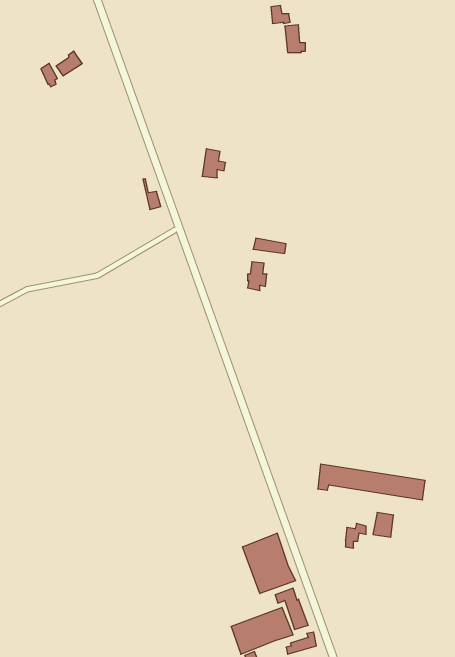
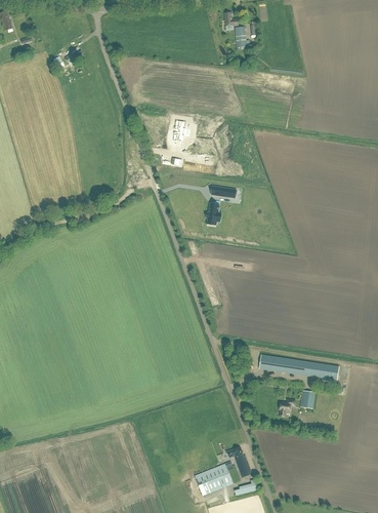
building: [243,533,295,594] -> none

